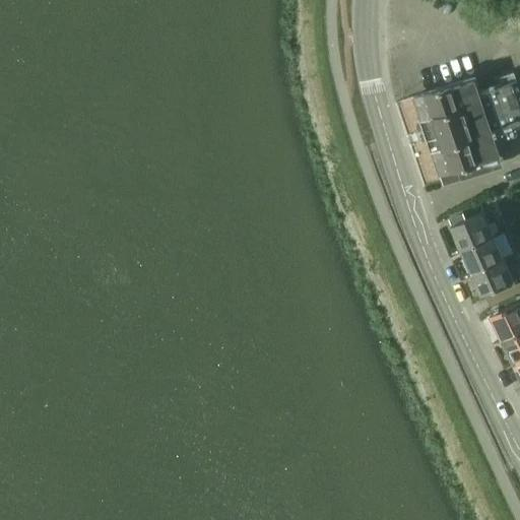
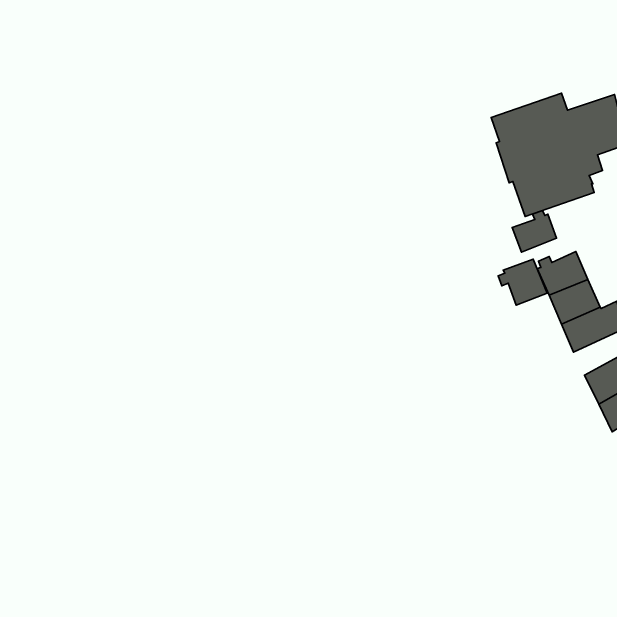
building: none -> [512,210,556,252]
building: none -> [498,259,547,305]

